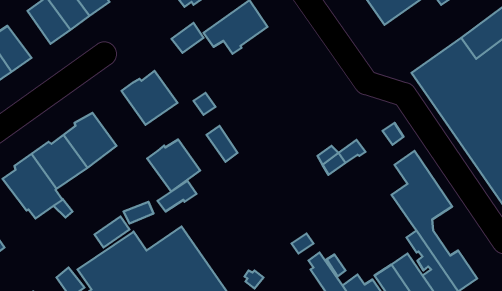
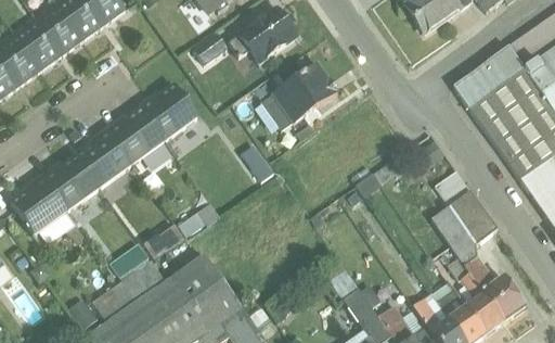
building: none -> [15,17,62,68]
building: none -> [261,63,337,130]
building: [147,140,200,192] -> [107,107,165,164]

